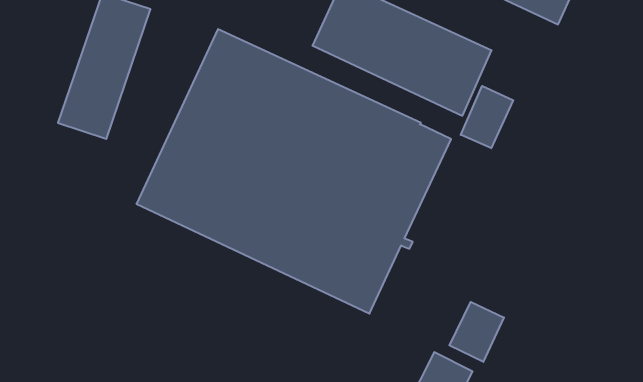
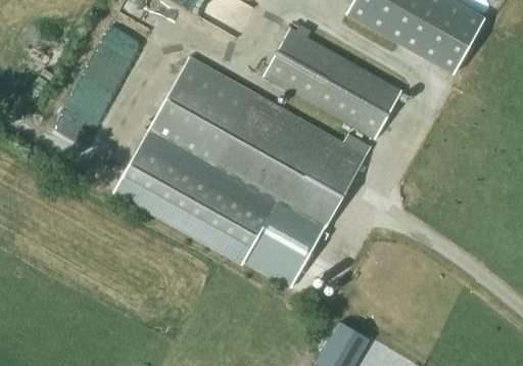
building: [461,86,513,148] -> none
building: [449,302,504,362] -> none

